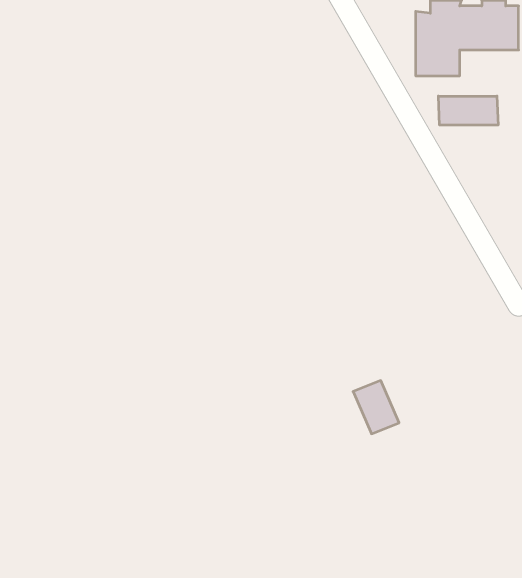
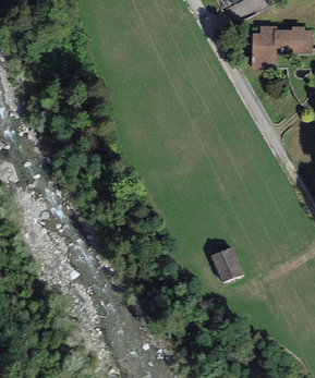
building: [438,96,498,125] -> none

